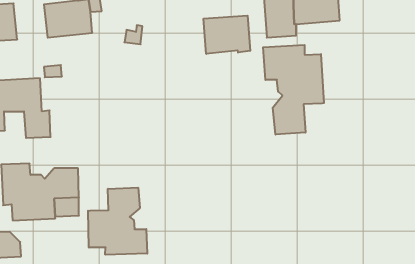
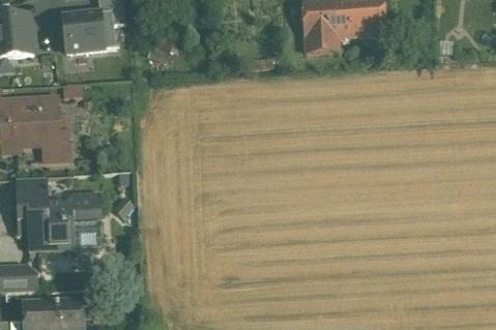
building: [204,16,250,54] -> none
building: [263,45,324,135] -> none
building: [88,188,147,255] -> none

